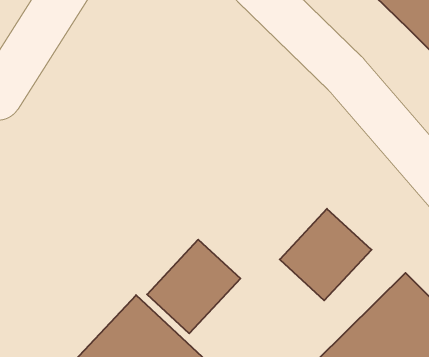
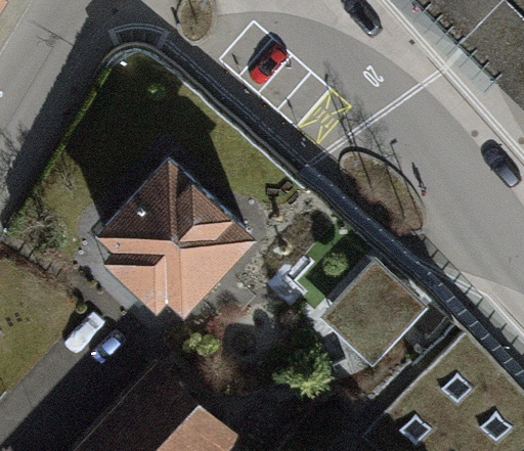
building: none -> [107,163,250,303]
building: [147,240,240,333] -> none

